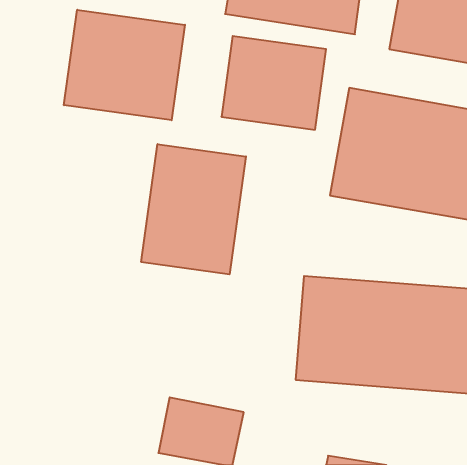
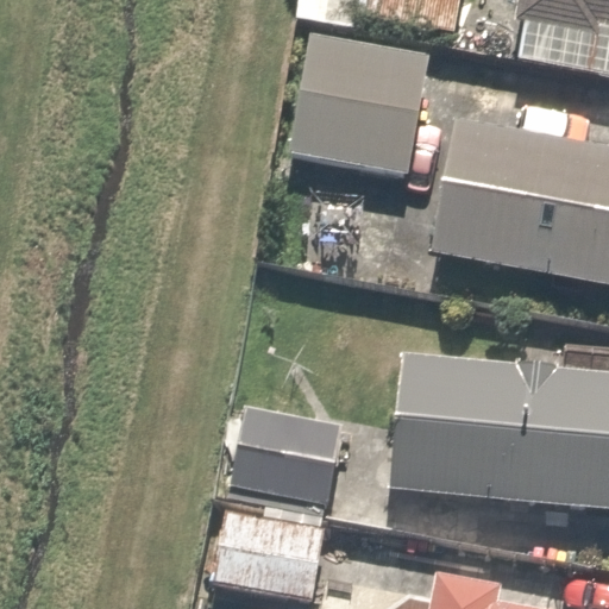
building: [64,10,185,120] -> none
building: [141,144,246,274] -> none
building: none -> [231,395,344,502]

